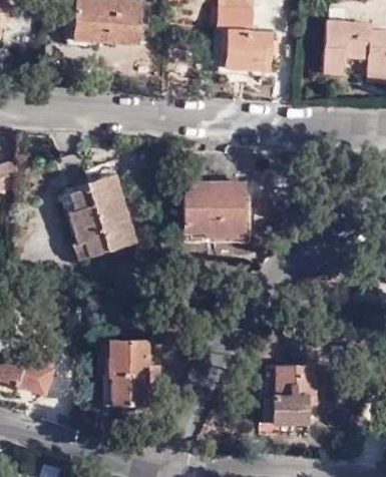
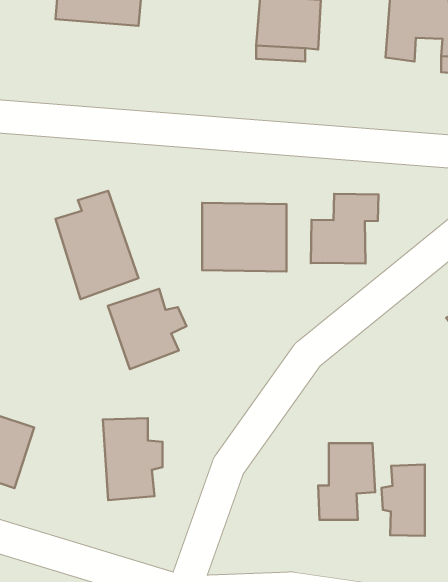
building: none -> [311,194,378,264]
building: none -> [108,289,187,369]
building: none -> [382,464,425,536]

